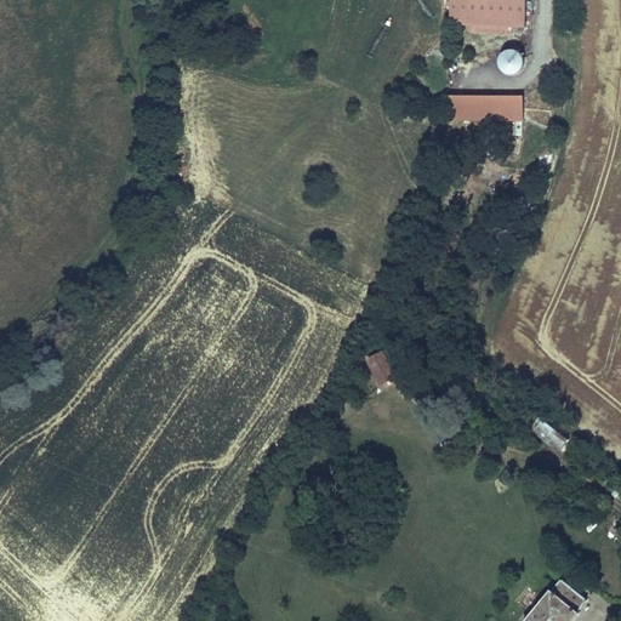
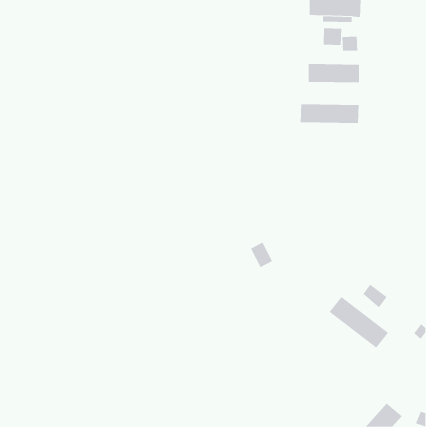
building: none -> [323,28,342,46]
building: none -> [300,104,359,124]
building: none -> [329,296,389,348]

